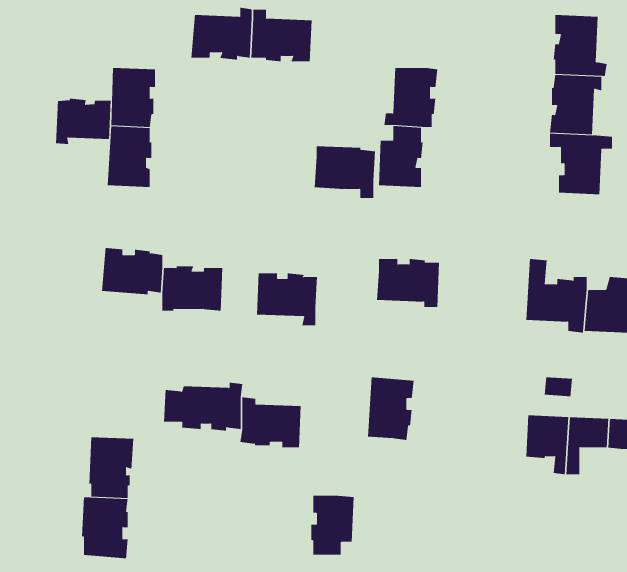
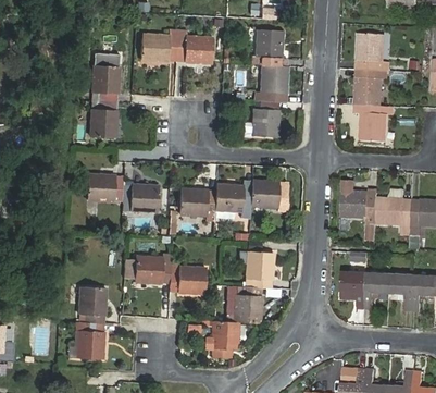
building: none -> [252,29,284,65]
building: [56,98,111,145] -> none
building: [314,146,376,199] -> [215,184,252,216]
building: none -> [226,285,261,323]

